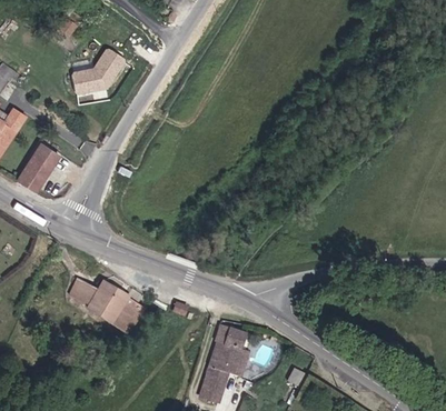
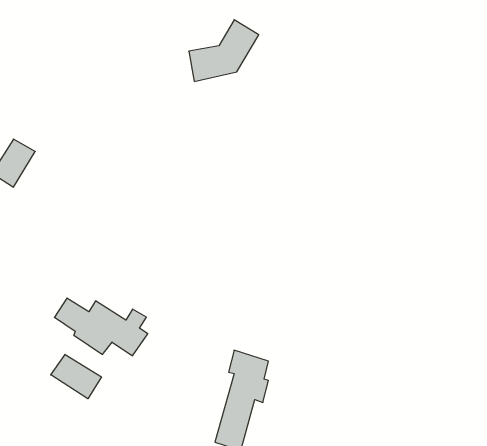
building: [71,47,128,97] -> [189,20,259,81]
building: none -> [51,354,101,399]

